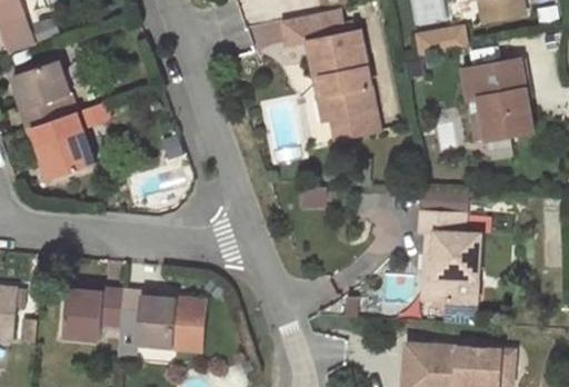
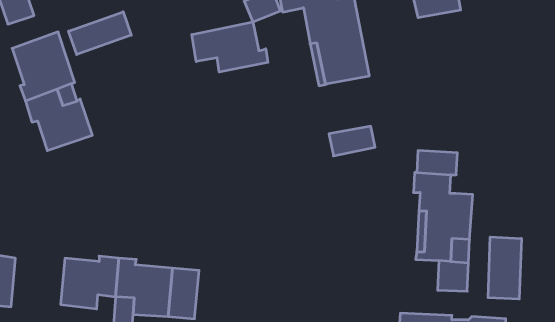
building: none -> [69,12,131,55]
building: none -> [192,22,268,72]
building: [465,54,531,135] -> none
building: [332,108,379,138] -> [329,126,375,156]
building: none -> [488,237,521,299]

